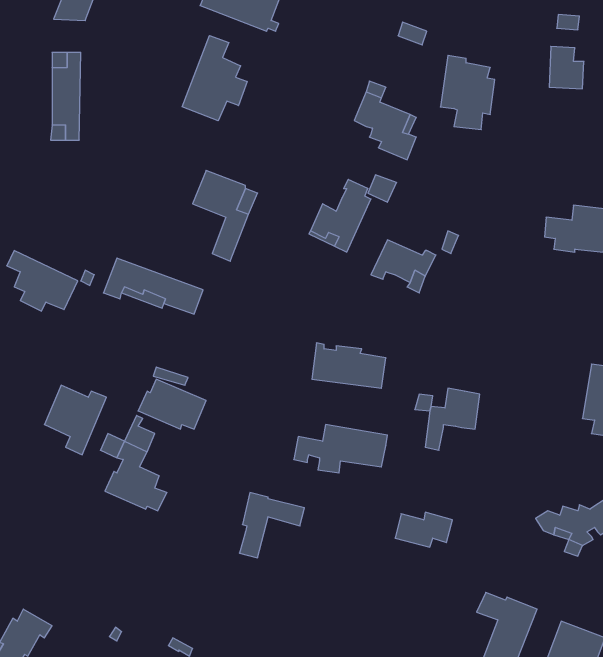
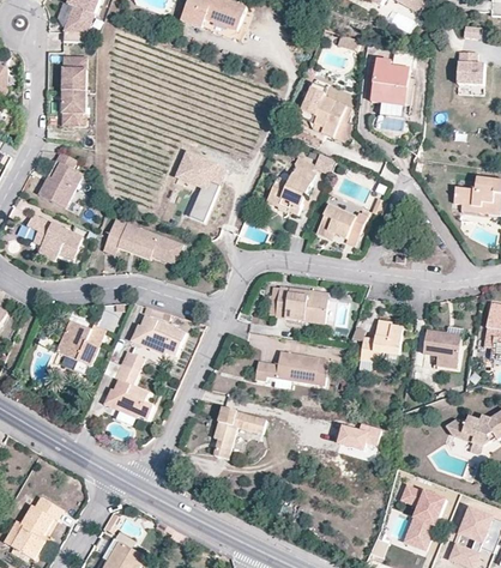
building: [182,36,247,121] -> none
building: none -> [37,151,82,206]
building: none -> [423,330,460,369]

